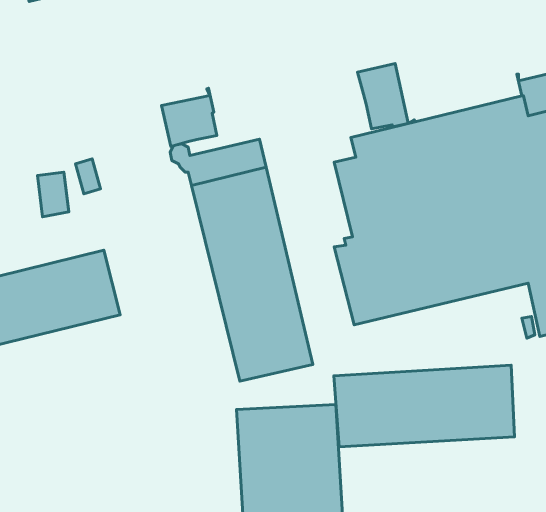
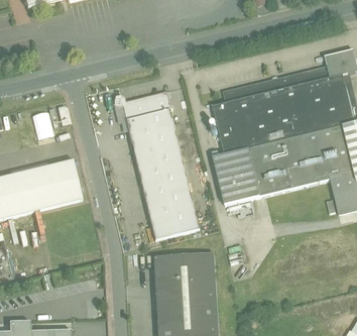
building: [358,64,415,129] -> none
building: [162,88,217,146] -> none
building: [334,365,515,447] -> none

